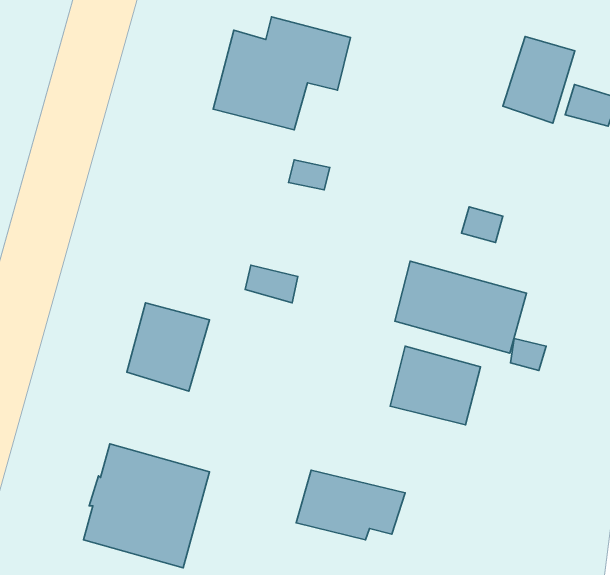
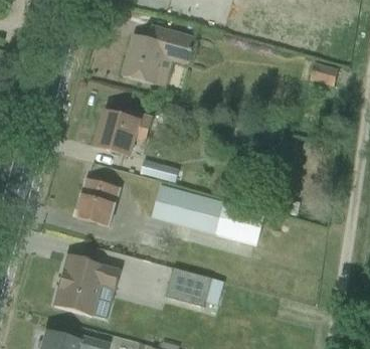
building: [503,37,575,123] -> none
building: none -> [96,108,152,155]
building: [395,261,527,353] -> [152,183,222,232]

